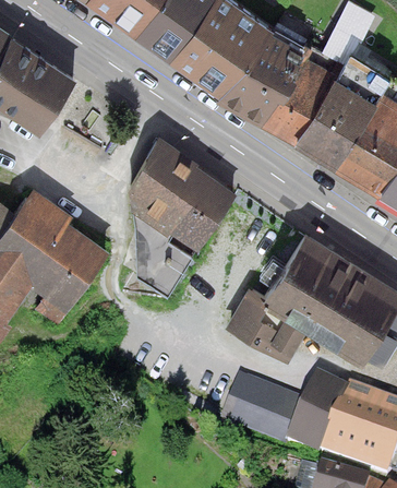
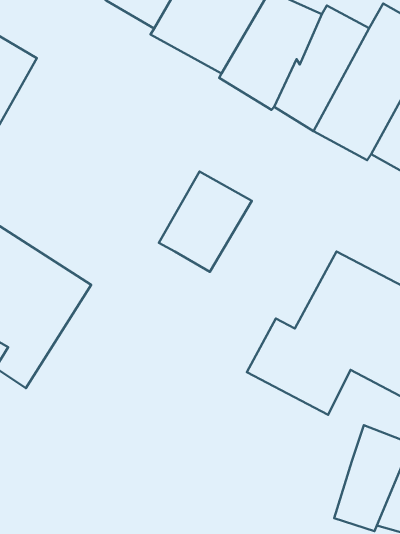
building: [129,138,198,295] -> none
building: [220,376,303,449] -> none

